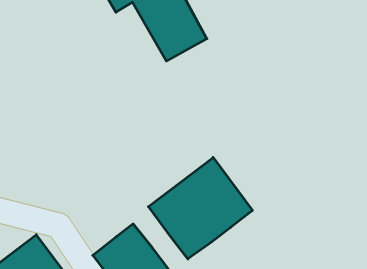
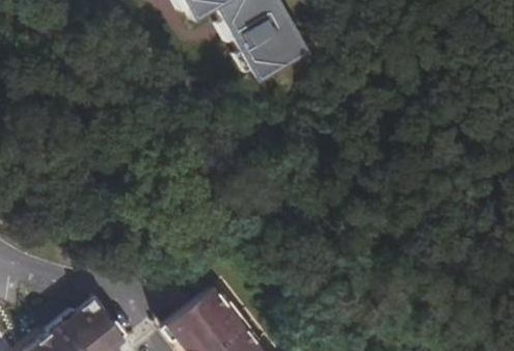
building: [148,157,252,259] -> none

